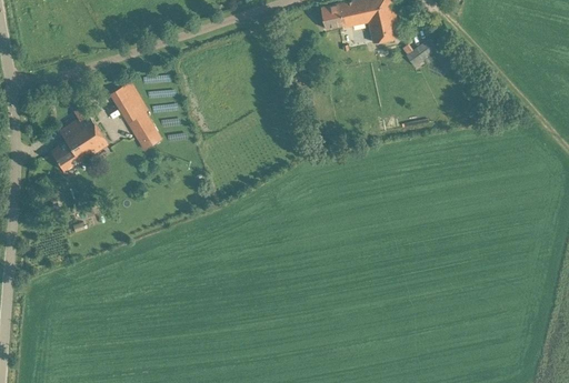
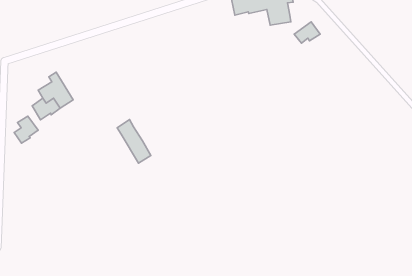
building: [110,81,156,140] -> [117,119,151,163]
building: none -> [14,116,38,143]

